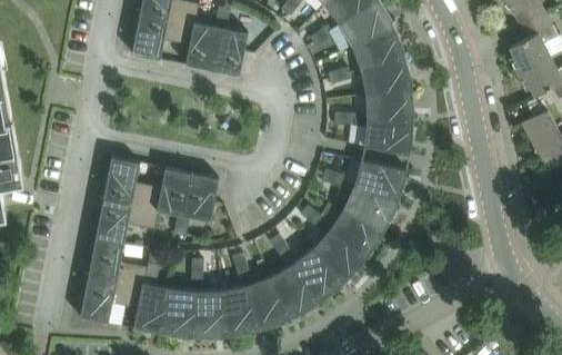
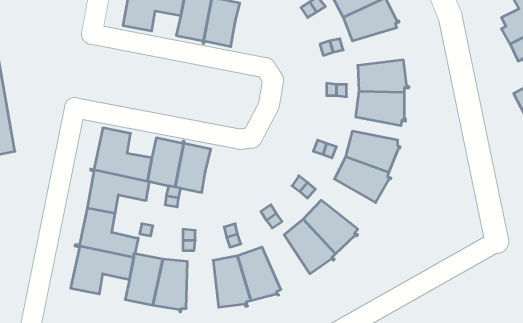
building: [360,58,414,96] -> none
building: [329,209,384,259] -> none
building: [270,265,318,319] -> none
building: [194,290,227,342] -> none

